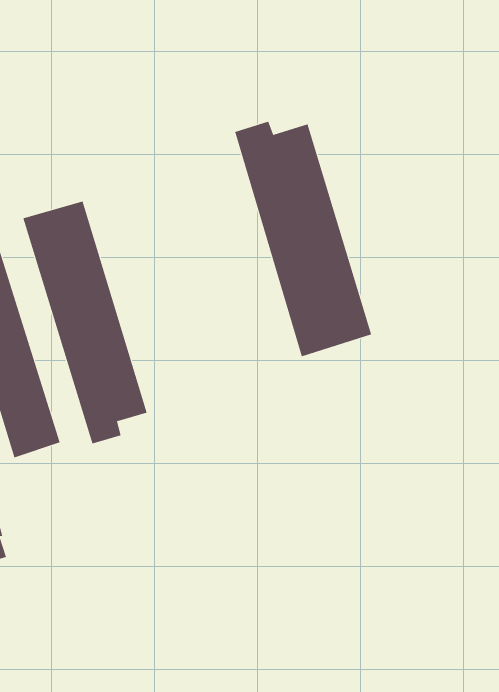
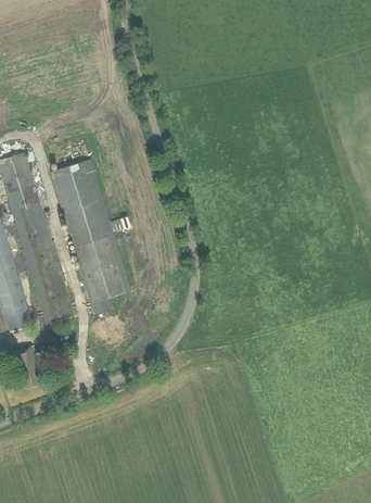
building: [234,121,372,357] -> none

